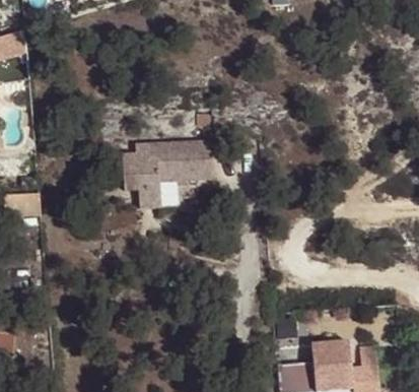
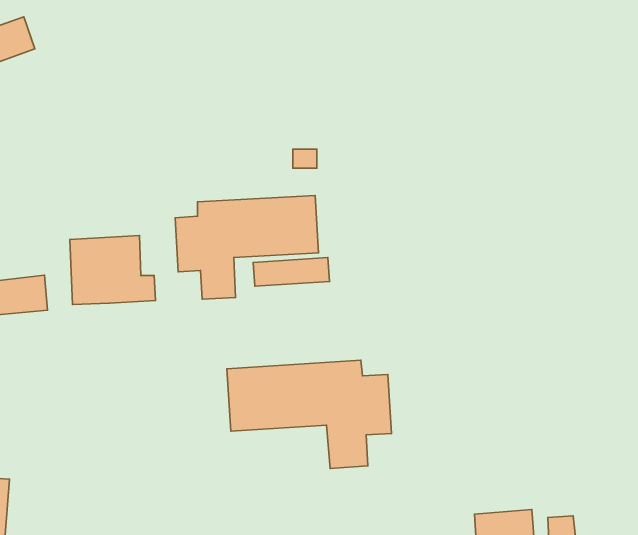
building: none -> [70,236,155,304]
building: none -> [227,360,391,469]

